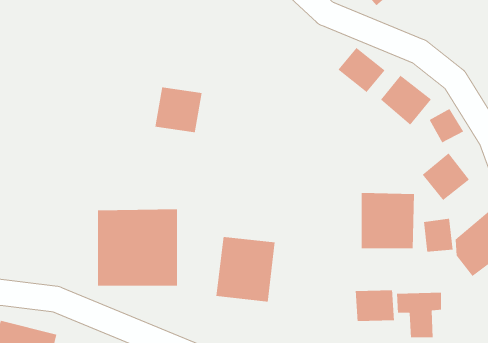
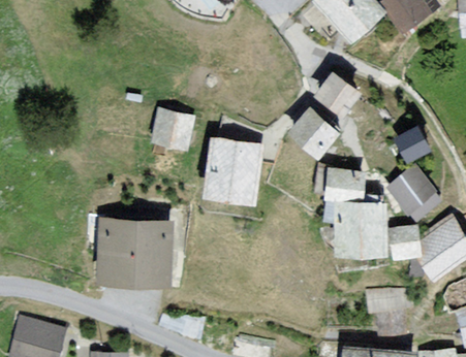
building: [380,75,432,125] -> [289,110,335,155]
building: none -> [325,168,362,198]
building: [216,236,275,302] -> [205,142,257,200]
building: [355,289,395,322] -> none

